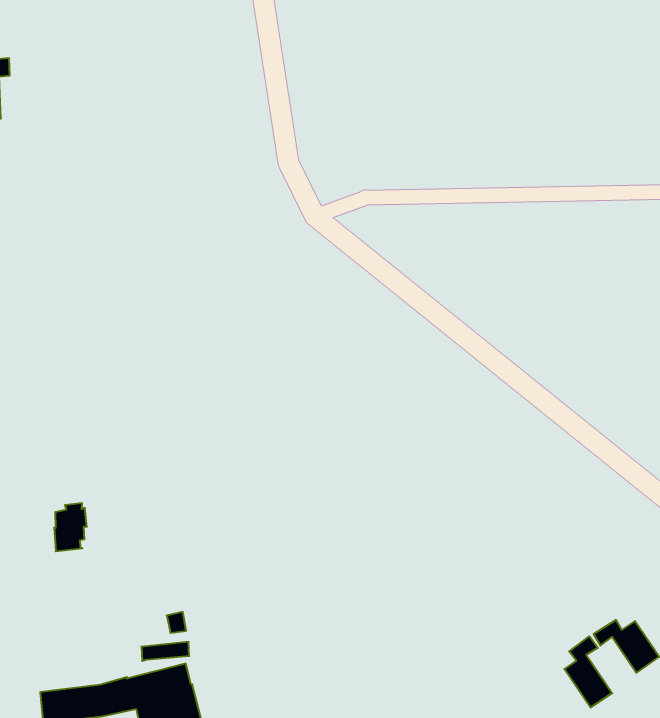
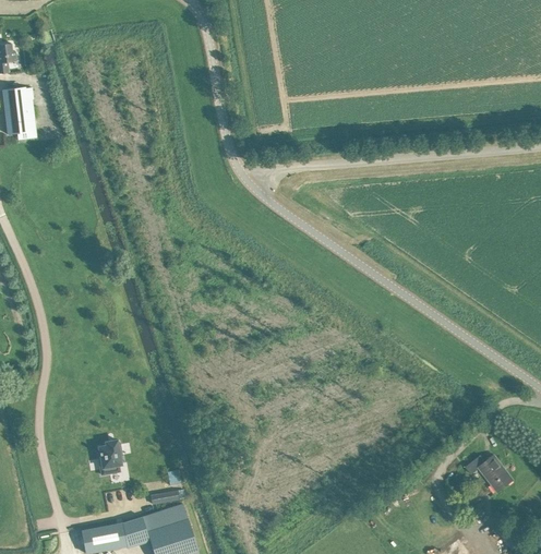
building: [54,503,87,551] -> [99,439,122,474]
building: [564,636,612,708] -> none

